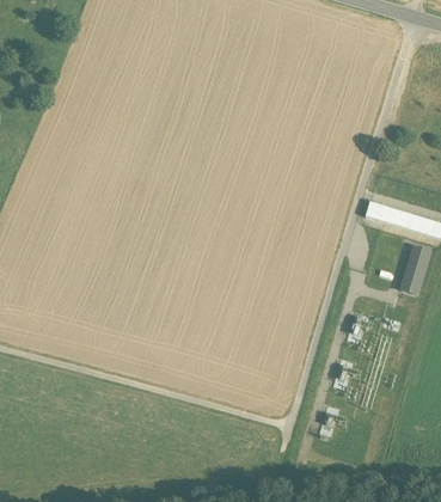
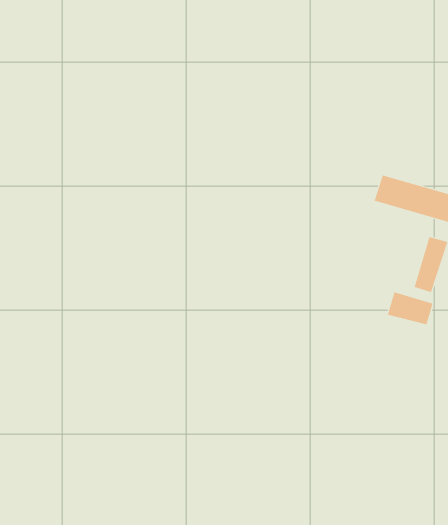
building: none -> [387,292,433,325]

